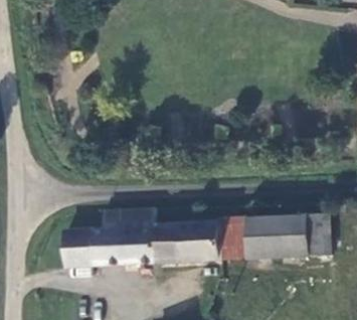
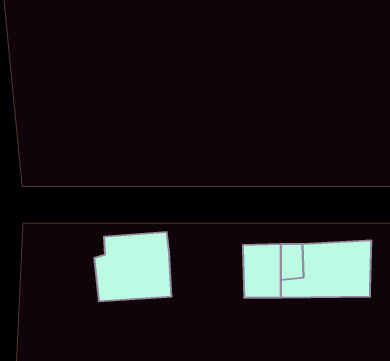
building: [155,222,218,264] -> none
building: [62,230,96,270] -> none

